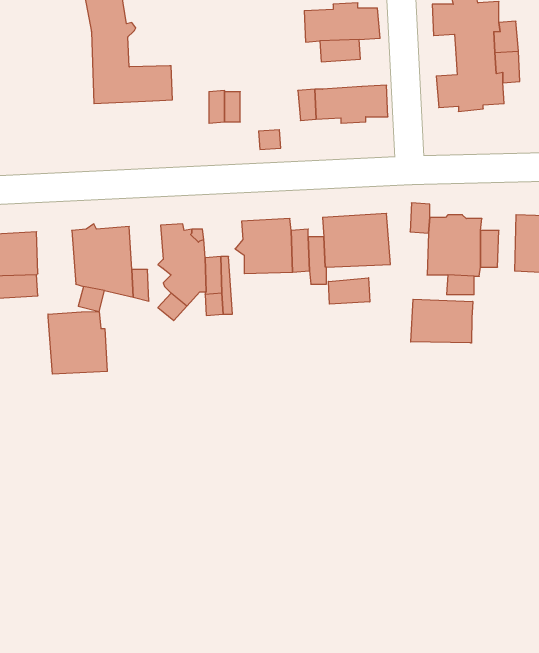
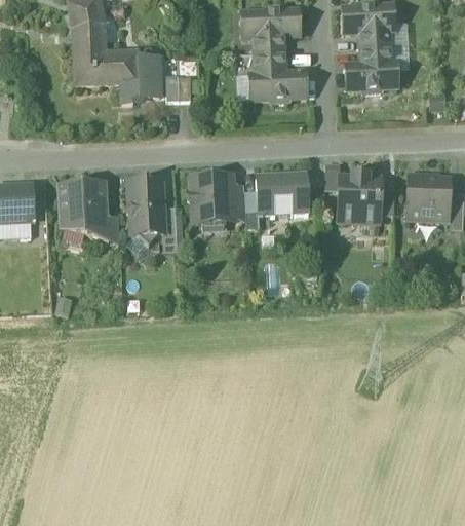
building: none -> [121,49,159,103]
building: none -> [254,50,285,74]
building: [328,278,370,304] -> none
building: [411,299,473,343] -> none
building: [48,311,107,374] -> none

